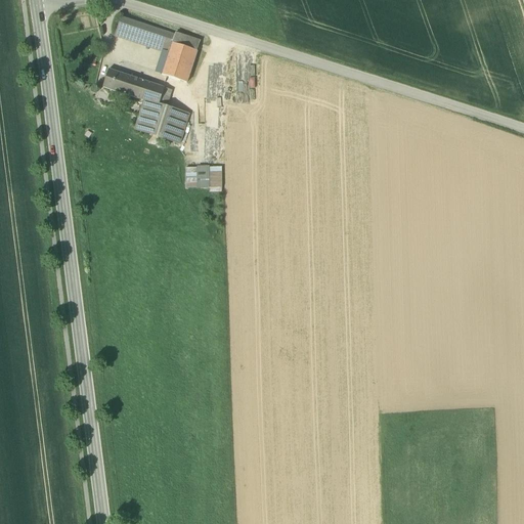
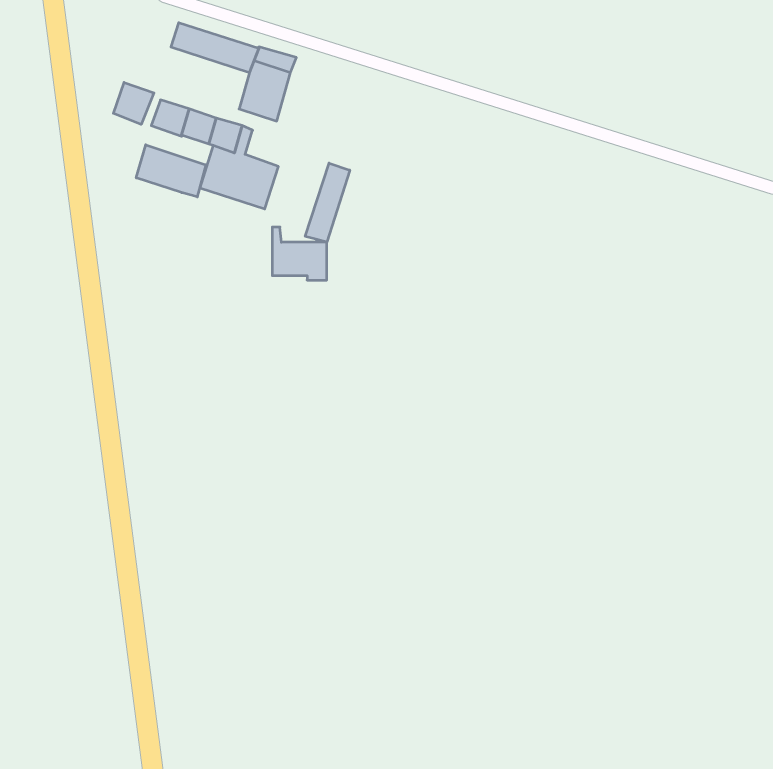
building: none -> [113,82,154,124]
building: none -> [136,145,206,197]
building: none -> [305,163,350,242]

